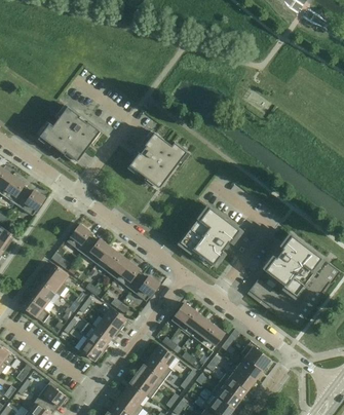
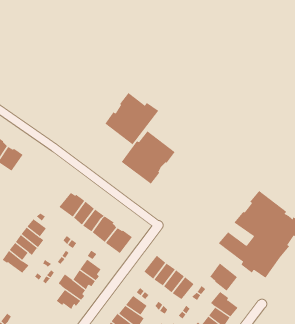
building: [40,106,100,162] -> none
building: [182,206,239,263] -> [121,131,176,184]
building: [67,224,93,252] -> none
building: none -> [210,263,238,292]

